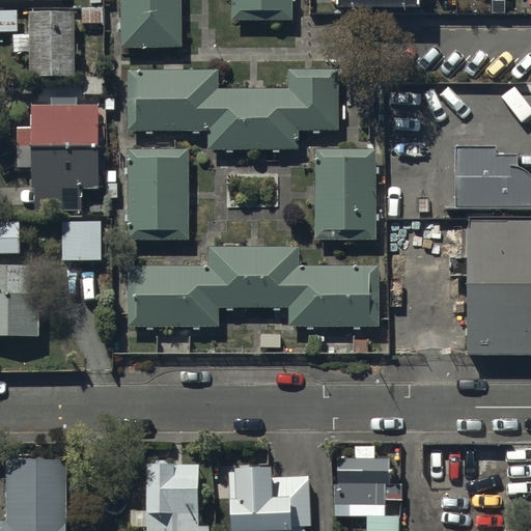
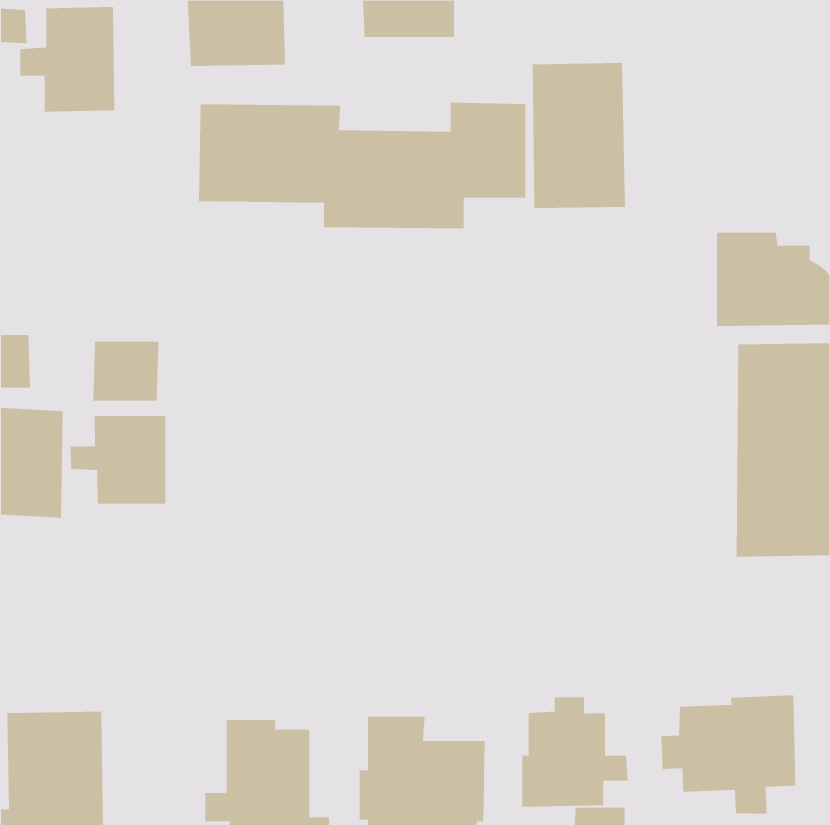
building: [16,100,100,212] -> none
building: [127,145,188,241] -> none
building: [313,145,373,239] -> [532,62,626,209]
building: [127,246,376,326] -> none
building: none -> [70,415,166,505]
building: none -> [661,695,796,814]

